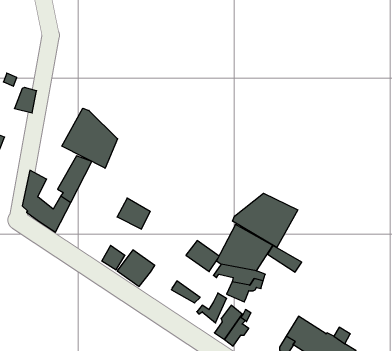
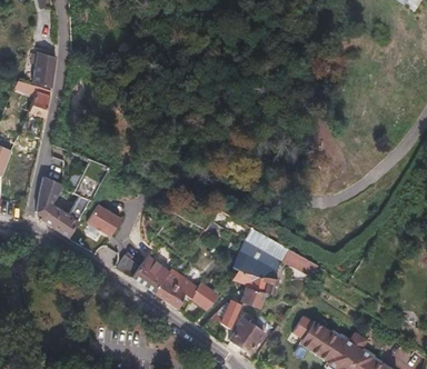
building: none -> [33,49,57,87]
building: [62,108,118,168] -> none
building: [233,193,298,248] -> none
building: [117,198,150,229] -> [86,203,119,235]
building: [186,241,219,272] -> [153,277,187,308]

